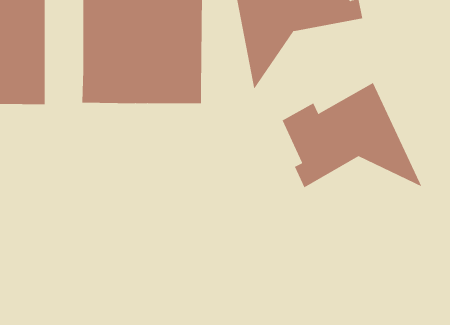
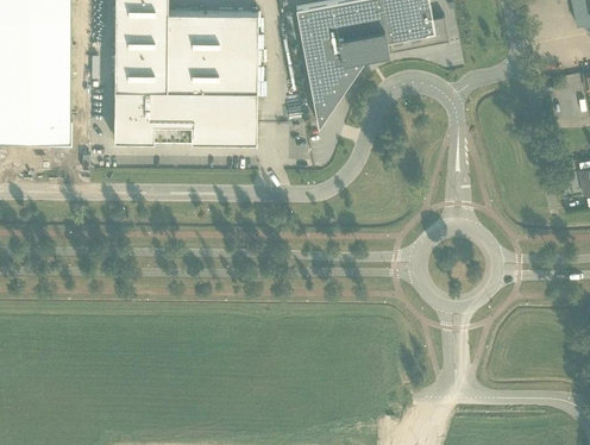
building: [282,82,423,188] -> none

